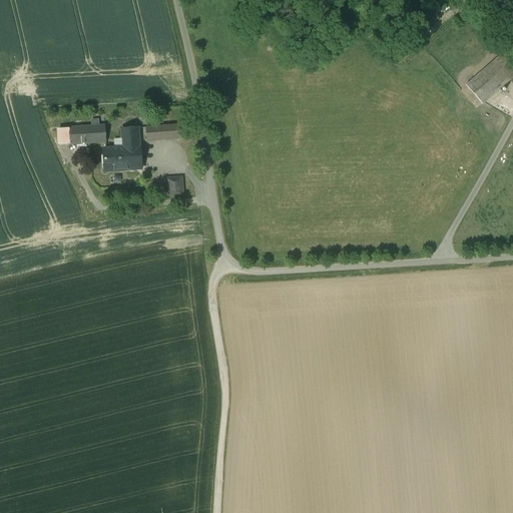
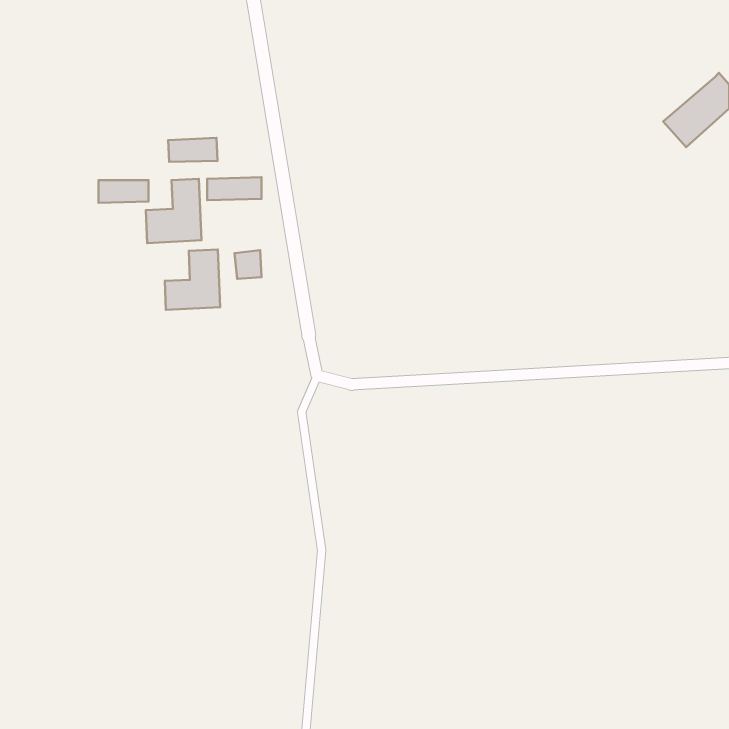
building: none -> [168,138,217,162]
building: none -> [165,250,220,310]

